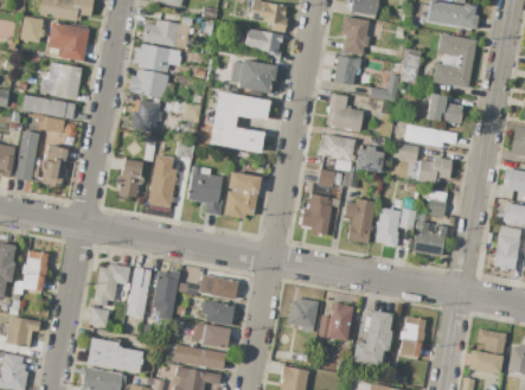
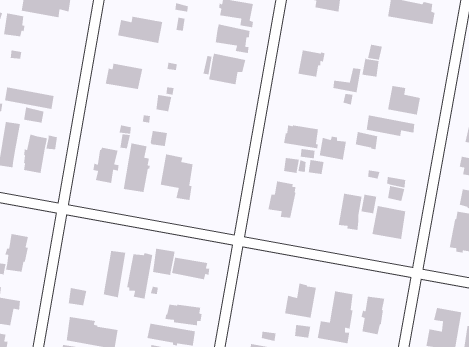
building: [341,15,370,55] -> none
building: [47,21,89,60] -> none
building: [433,33,476,88] -> none
building: [133,43,181,71] -> none
building: [39,62,82,98] -> none
building: [209,90,270,153] -> none
building: [325,92,364,130] -> none
building: [130,100,159,133] -> none
building: [416,156,452,184] -> none
building: [223,171,261,218] -> none
building: [344,198,376,242] -> none
building: [92,262,129,306] -> none
building: [287,298,318,331] -> none
building: [201,301,233,325] -> none

